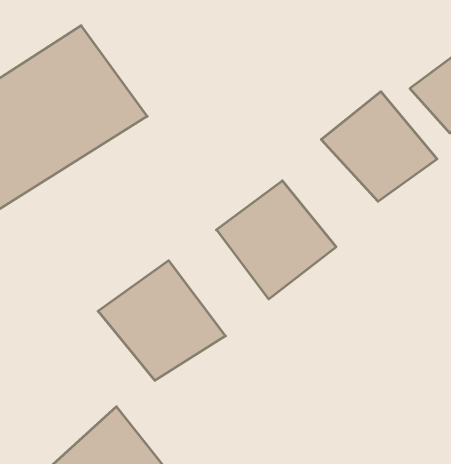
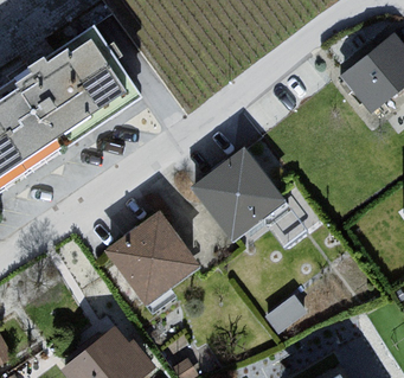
building: [321,92,437,201] -> none

